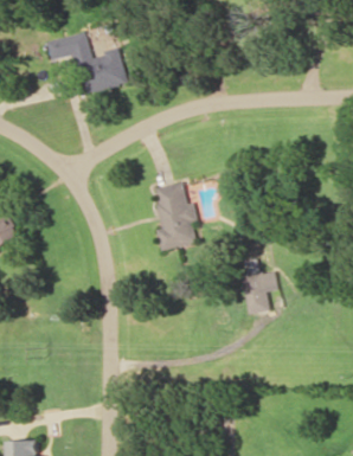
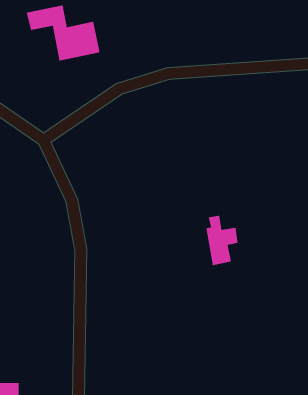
building: [153,182,197,250] -> none

